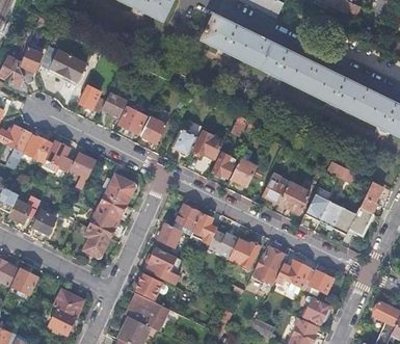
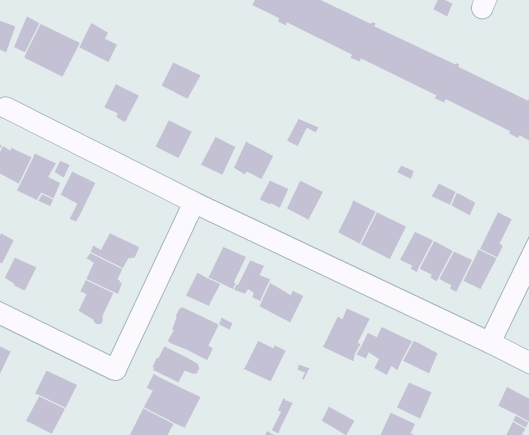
building: [79,85,106,113] -> [79,22,118,63]
building: [115,108,143,134] -> [161,62,202,99]
building: [105,175,137,205] -> none
building: [230,239,260,268] -> [243,340,286,382]

